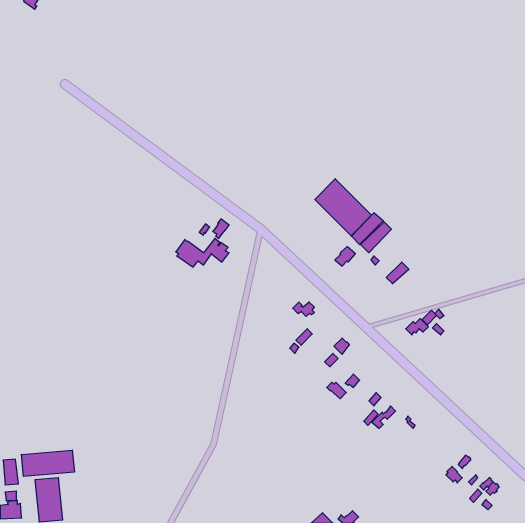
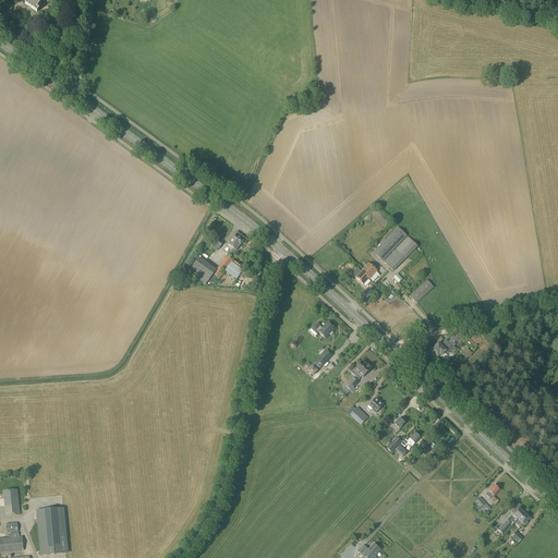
building: [315,179,372,236] -> none
building: [21,450,74,476] -> none

